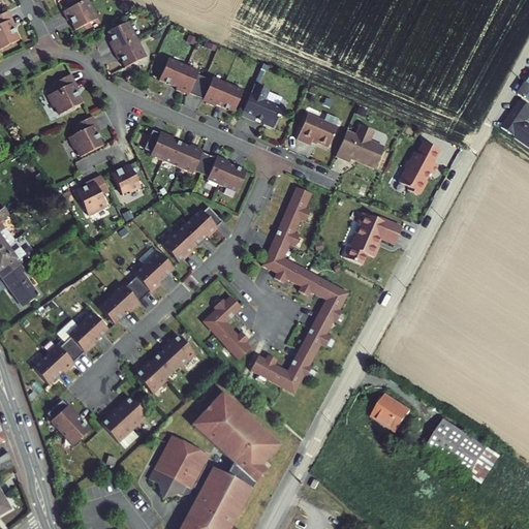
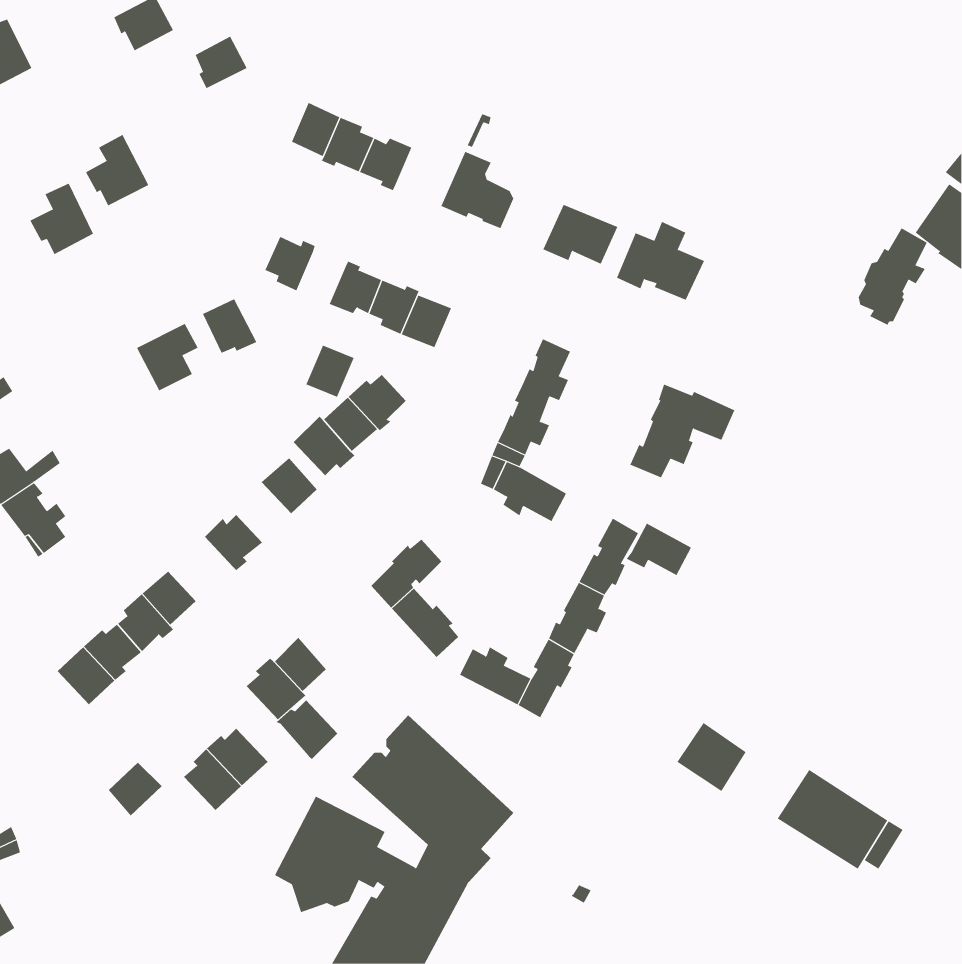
building: [113,37,145,65] -> none
building: [216,81,243,110] -> none
building: [67,116,102,155] -> [29,183,94,255]
building: [162,137,189,166] -> [305,345,355,398]
building: [401,138,439,192] -> [858,227,928,326]
building: [129,263,160,297] -> none
building: [299,270,335,299] -> [626,523,692,576]
building: [98,293,127,323] -> none
building: [161,335,195,368] -> [276,699,338,760]
building: [46,400,77,432] -> none

